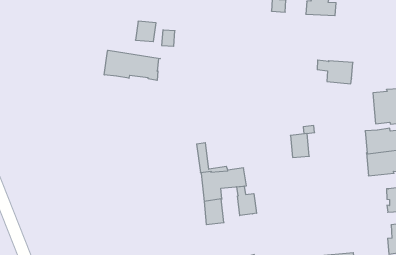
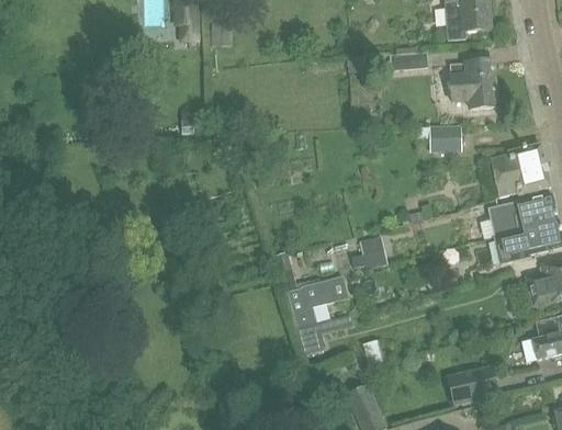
building: none -> [449,59,496,108]
building: [104,50,160,80] -> none
building: [290,133,309,157] -> [359,235,386,268]
building: [237,186,257,216] -> none

